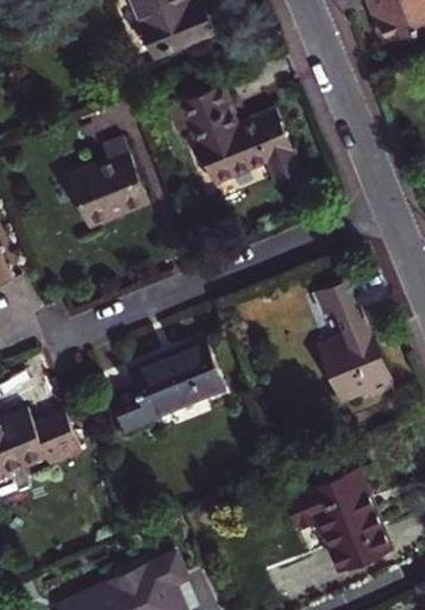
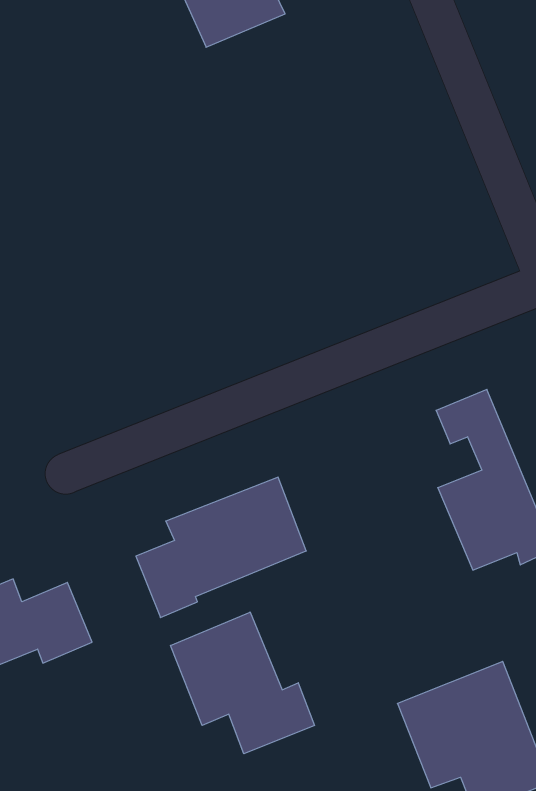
building: [165,80,300,176] -> none
building: [68,139,150,229] -> none
building: none -> [171,612,314,754]

